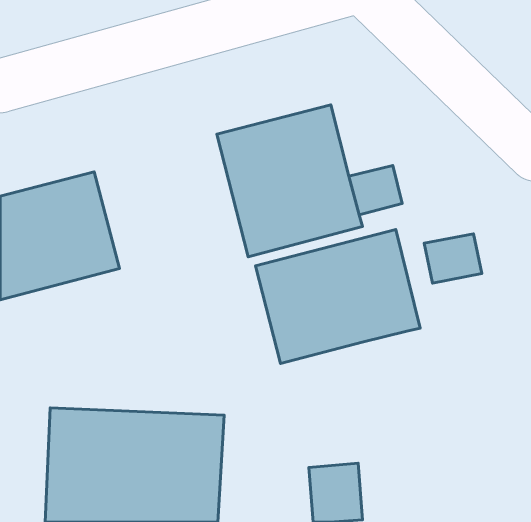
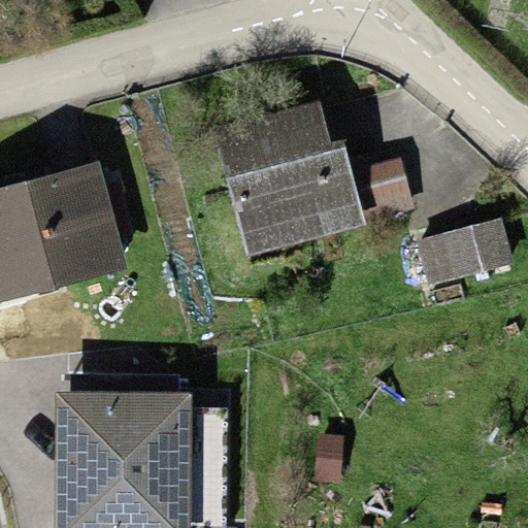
building: [255,230,420,364] -> none

